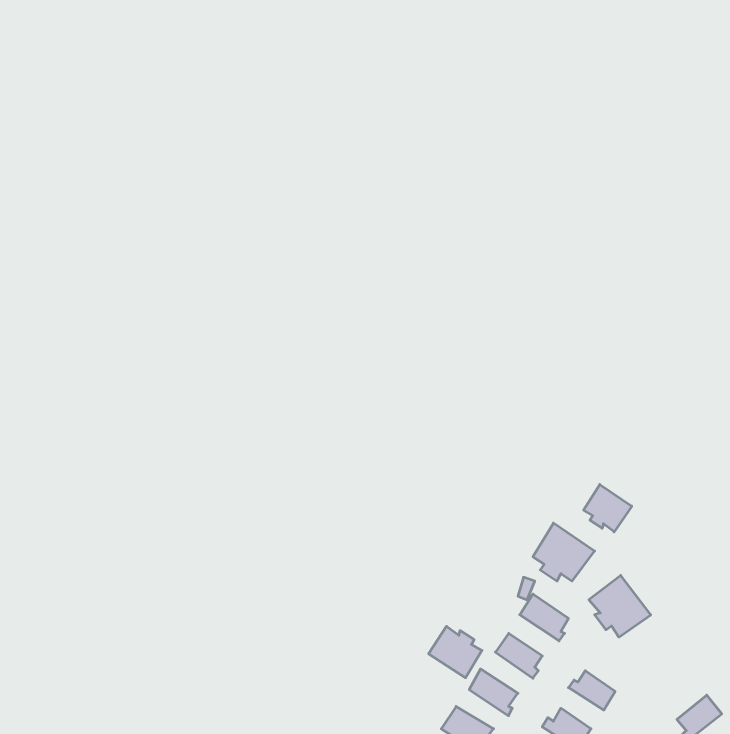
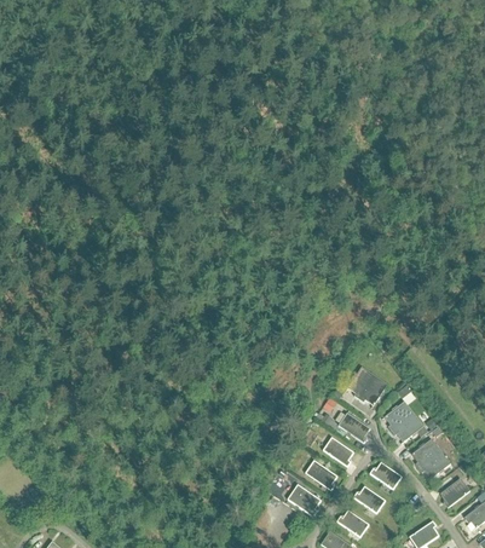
building: [584,484,632,532] -> none
building: [429,626,482,678] -> none
building: none -> [412,438,451,477]

